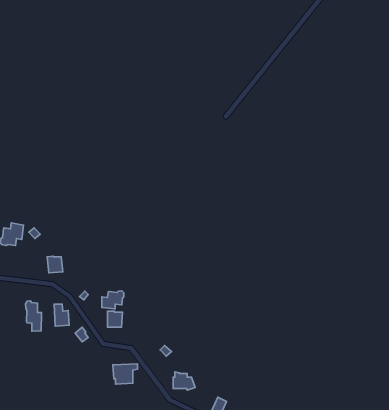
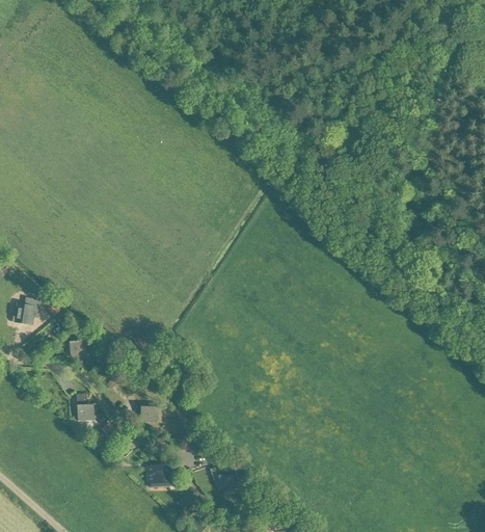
building: [102,291,124,309] -> none
building: [25,301,41,331] -> none

